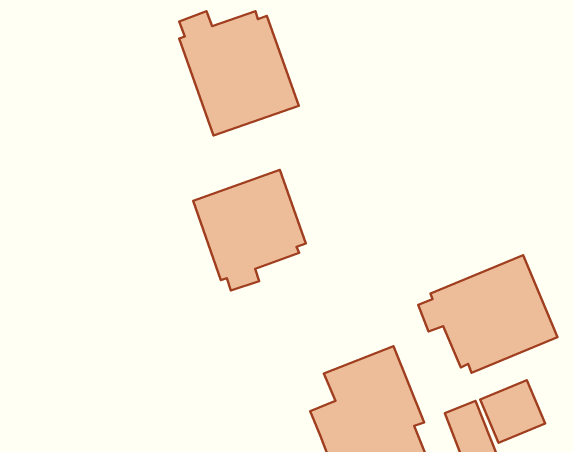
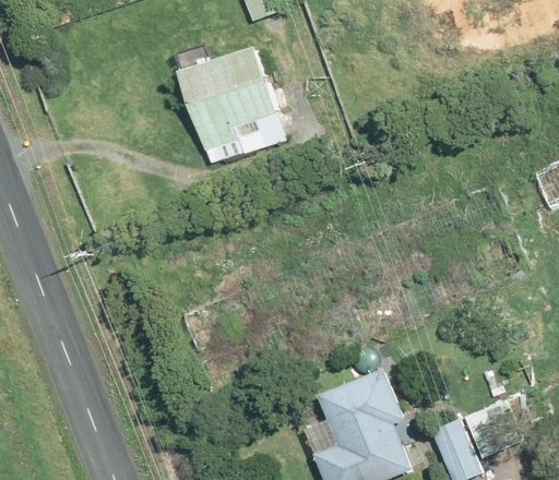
building: [193,170,306,291] -> none
building: [418,255,558,373] -> none

